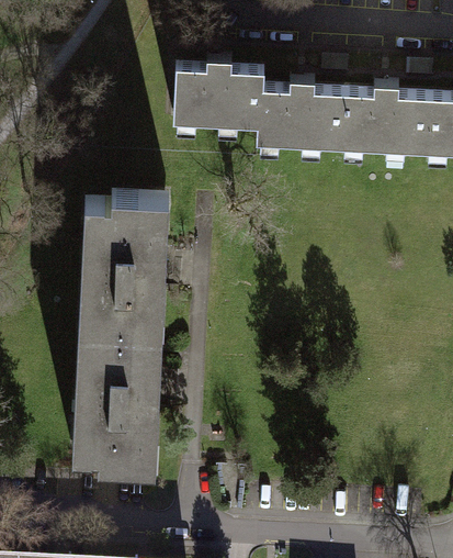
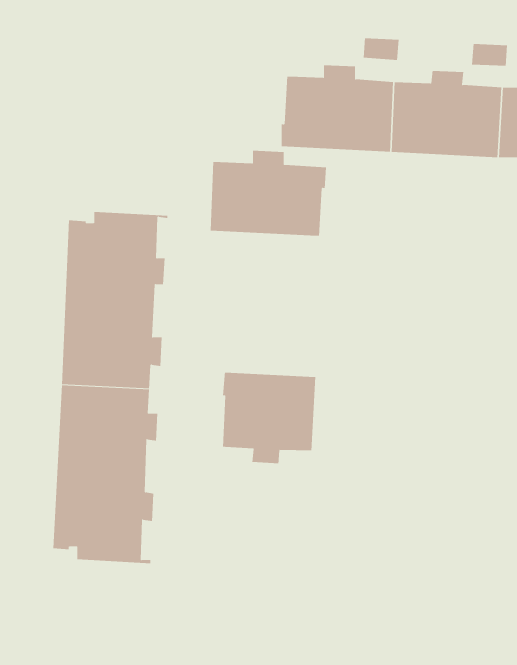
building: [173,62,264,129] -> [210,150,327,236]
building: none -> [222,372,316,464]

